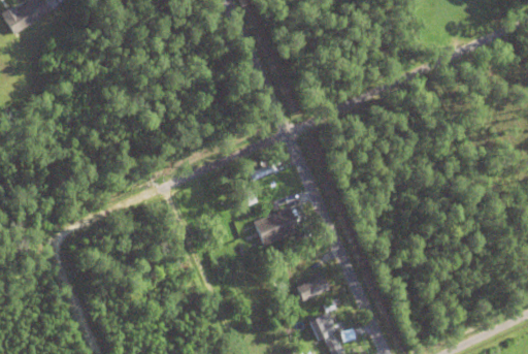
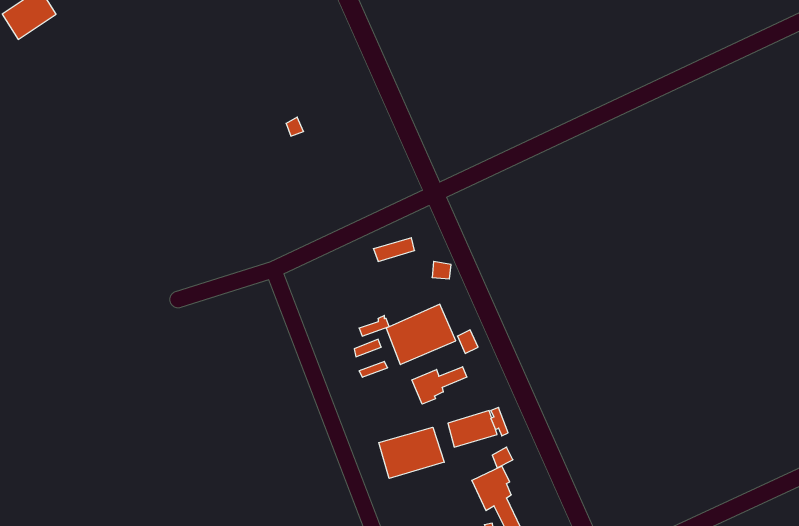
building: none -> [412,367,467,404]
building: none -> [379,427,444,478]

